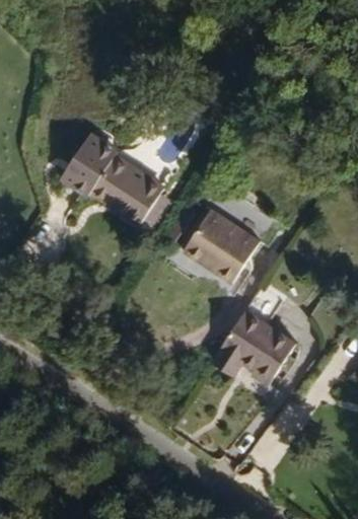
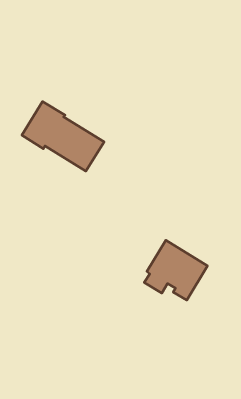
building: [182,207,260,281] -> none

